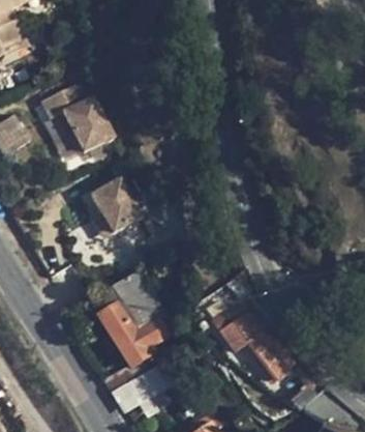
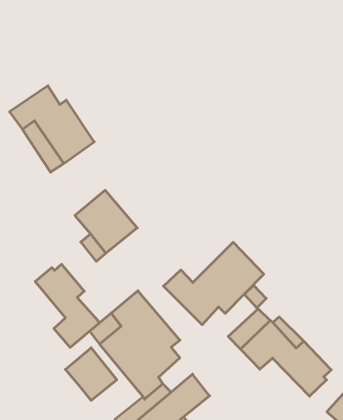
building: none -> [163,242,264,325]
building: none -> [35,264,99,347]
building: none -> [65,348,117,400]

